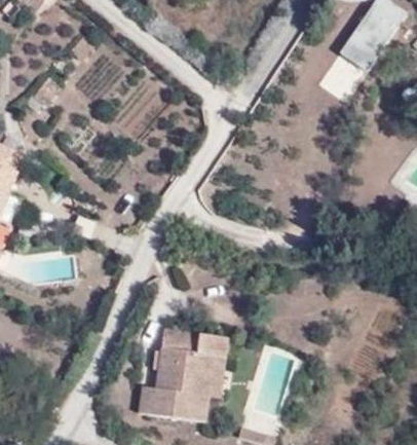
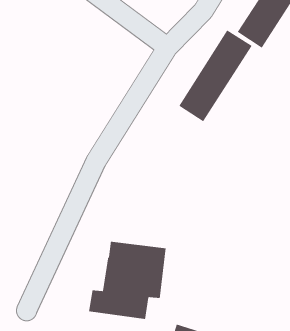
building: none -> [179,30,252,122]

